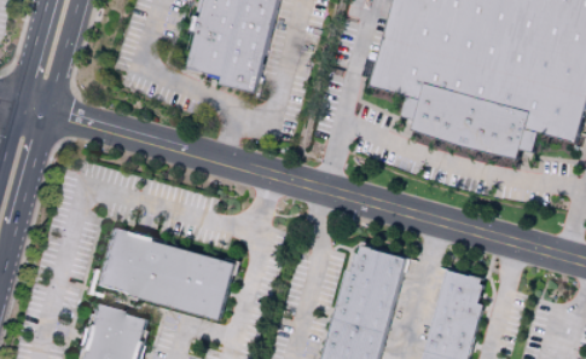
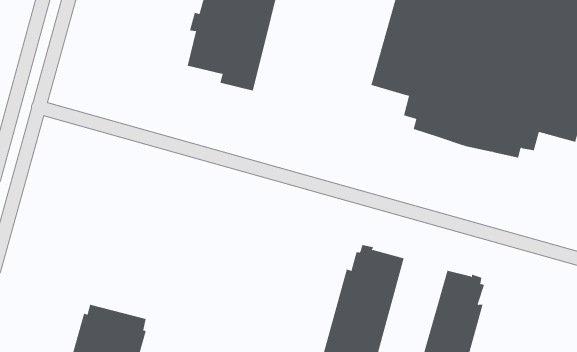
building: [92,227,238,320] -> none

